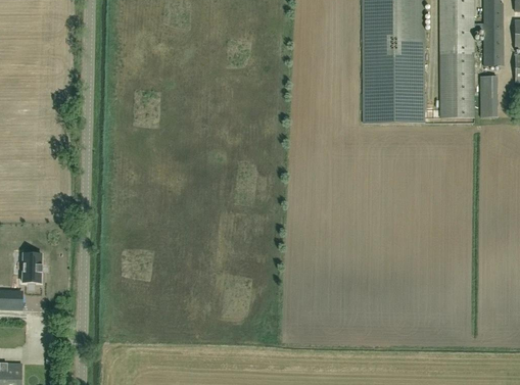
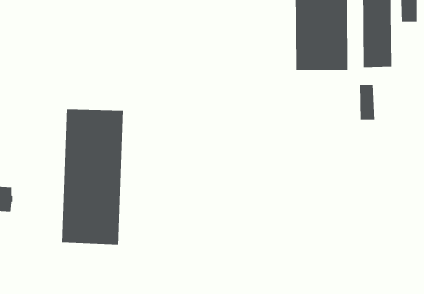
building: [482,73,501,113] -> [359,84,375,120]
building: none -> [62,109,123,245]

